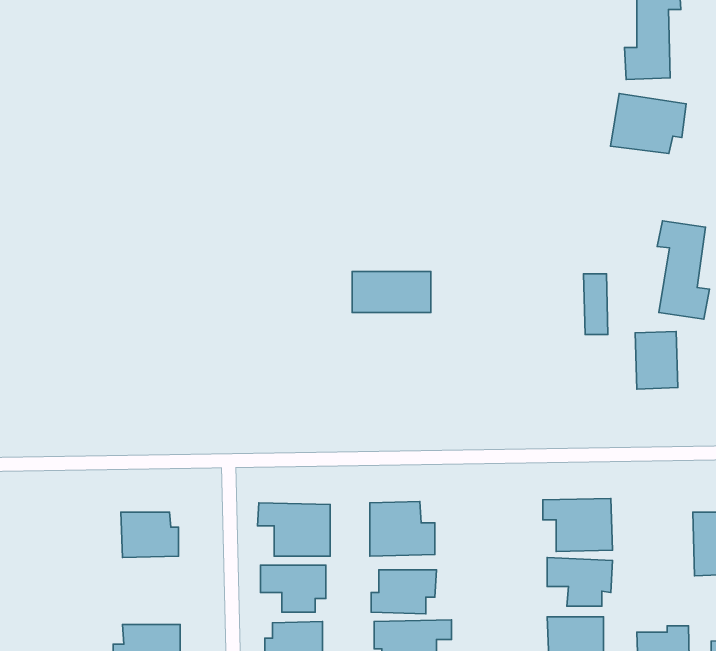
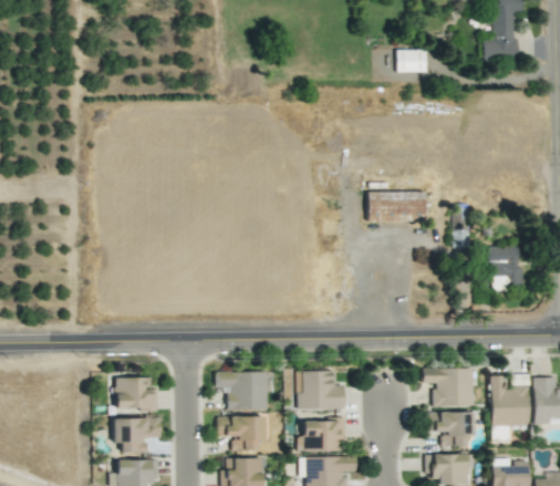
building: none -> [397,49,428,72]
building: [610,93,686,154] -> none
building: [657,221,710,319] -> none
building: [352,271,431,312] -> [369,192,426,221]
building: none -> [491,375,530,426]
building: none -> [114,417,163,453]

